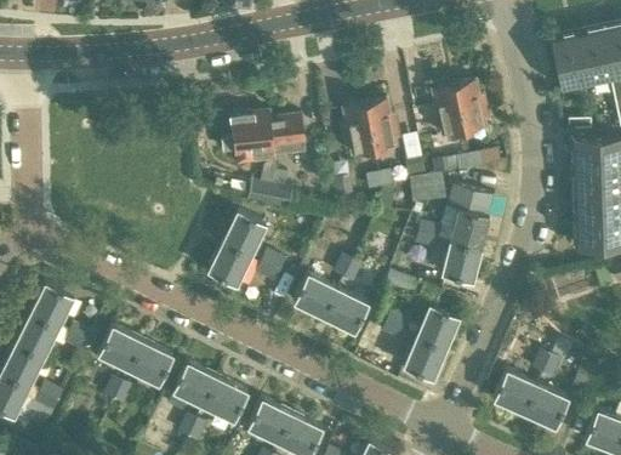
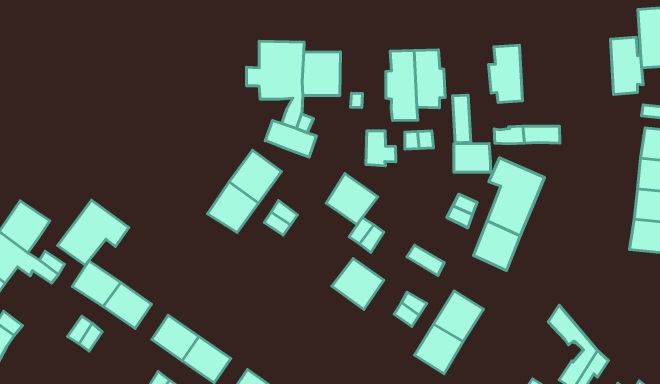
building: [455,81,489,133] -> [610,37,643,94]
building: none -> [57,200,129,265]
building: [296,275,340,318] -> [326,173,378,225]

